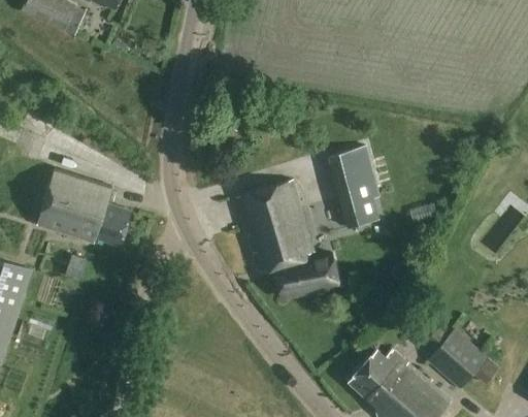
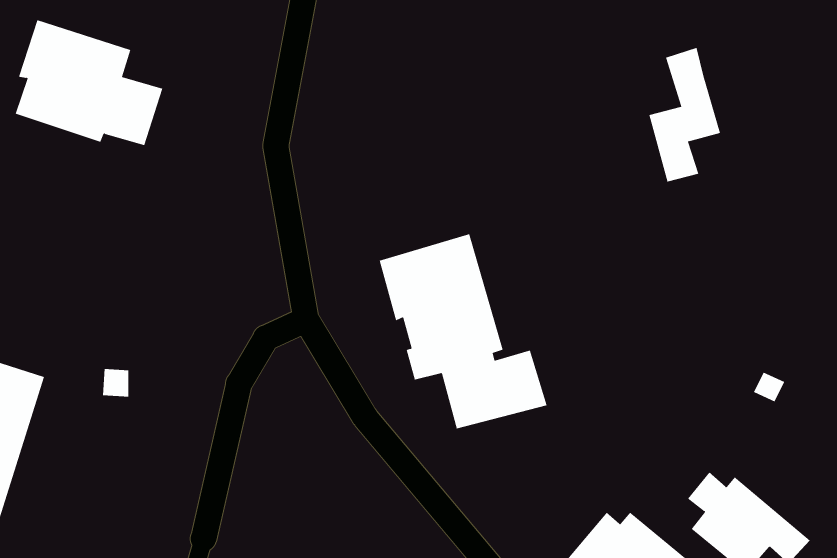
building: [336,145,381,227] -> [648,47,721,182]
building: [41,167,132,245] -> [15,19,163,146]

